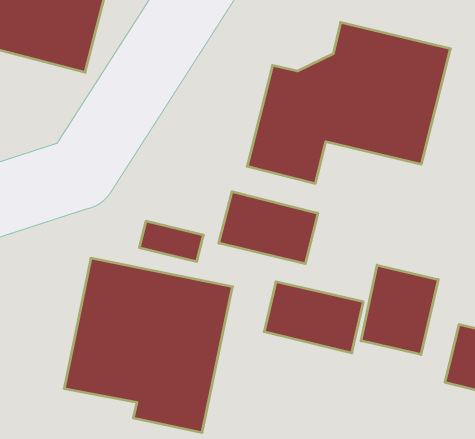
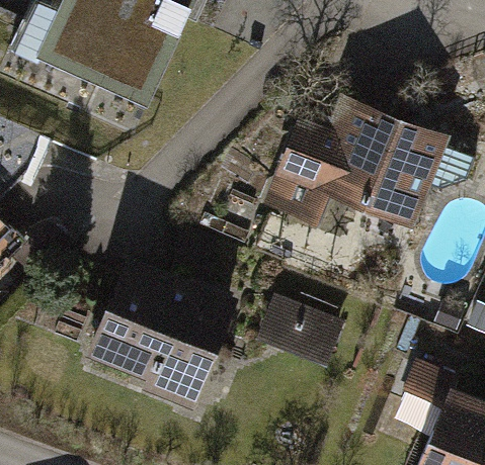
building: [219,192,318,264] -> none
building: [361,265,438,355] -> none

